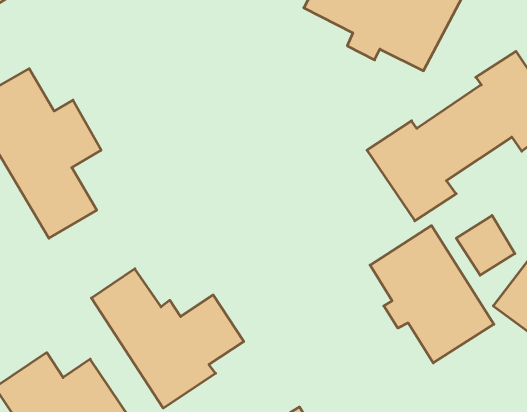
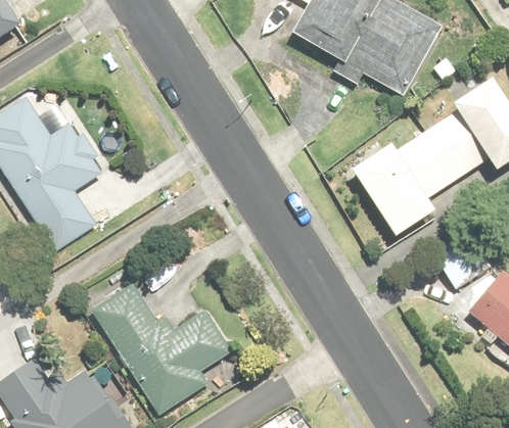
building: [370,226,494,363] -> none

